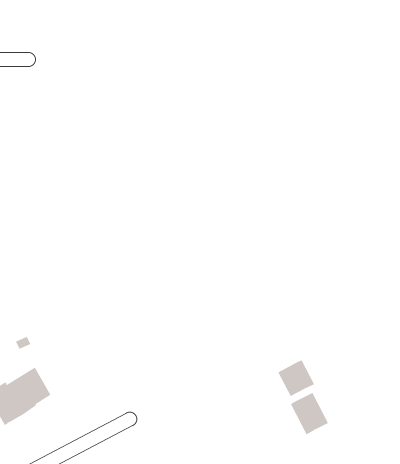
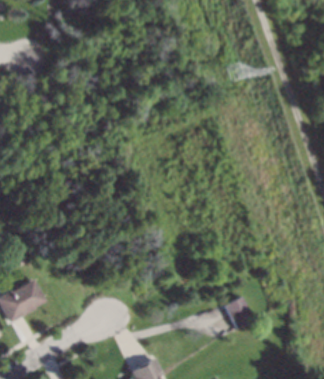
building: [278,360,315,397] -> none

